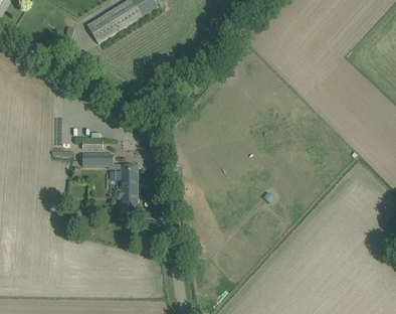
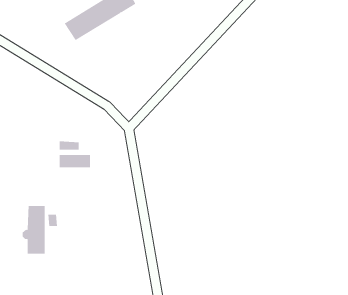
building: [115,164,138,211] -> [22,206,46,254]

